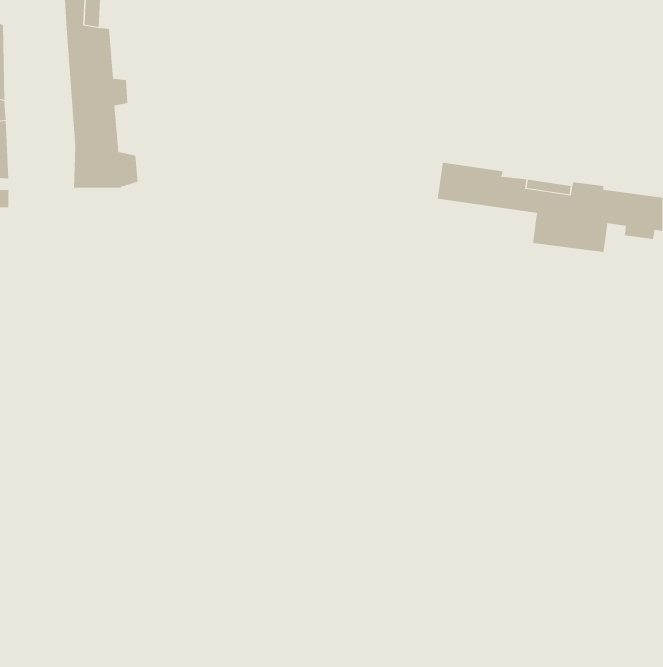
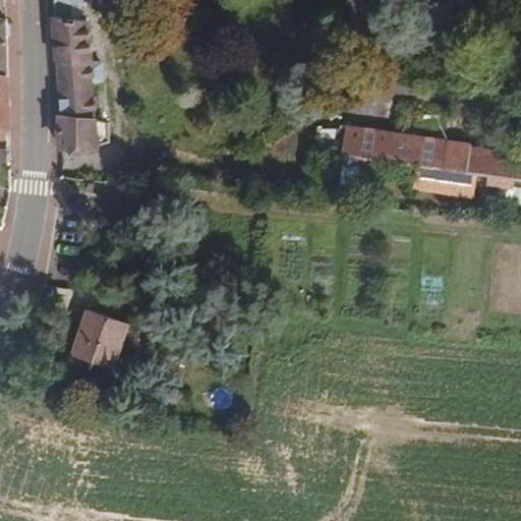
building: none -> [69,308,125,367]

